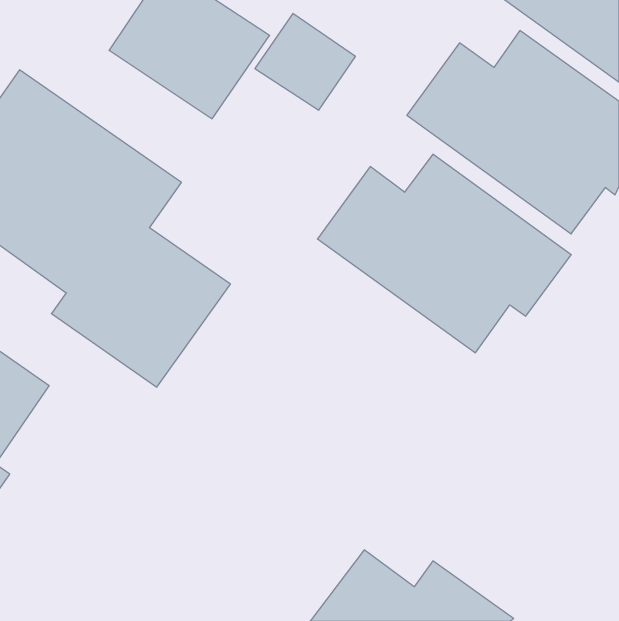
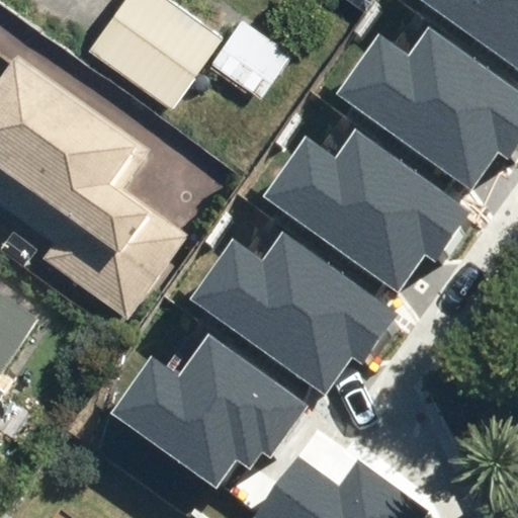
building: none -> [189,235,396,394]
building: none -> [111,333,308,490]

